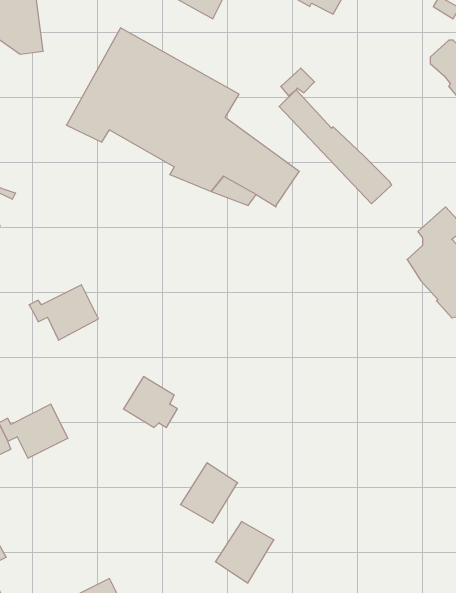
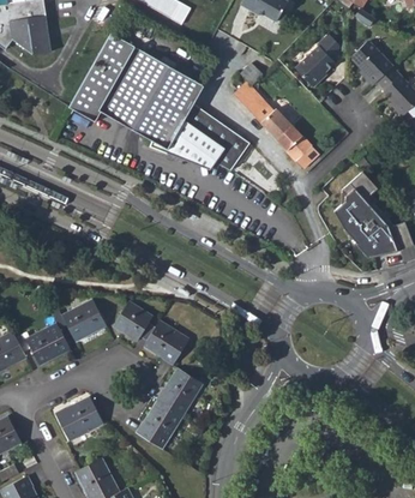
building: none -> [297,34,341,84]
building: [29,285,98,340] -> [52,300,106,343]
building: none -> [143,322,190,366]
building: none -> [55,398,102,442]
building: [215,521,274,583] -> [137,402,182,450]

